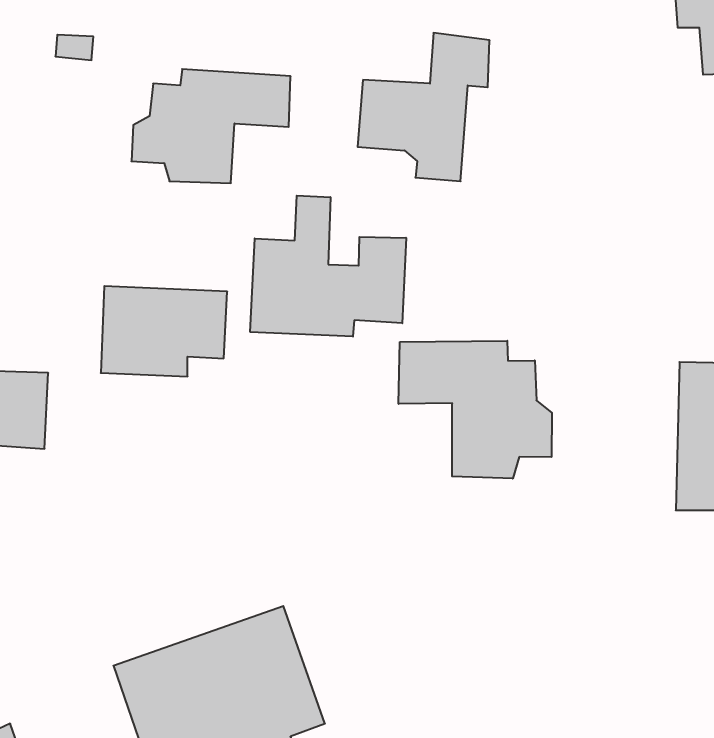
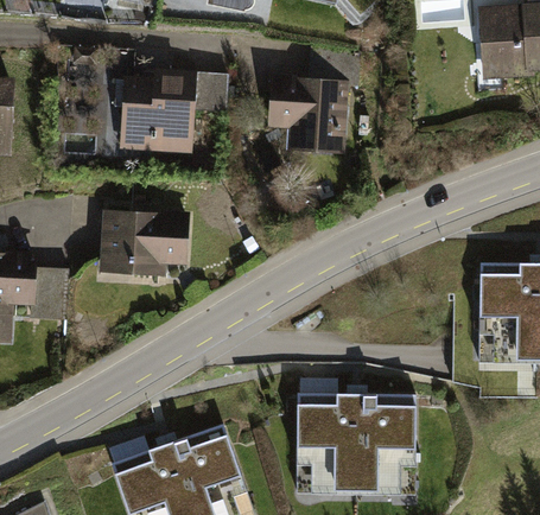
building: [250,196,406,337] -> none
building: [399,341,552,479] -> none
building: none -> [296,393,414,494]

